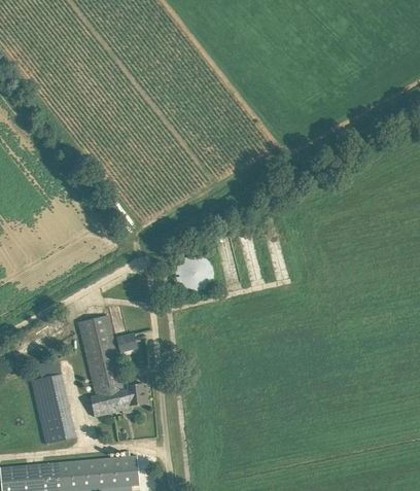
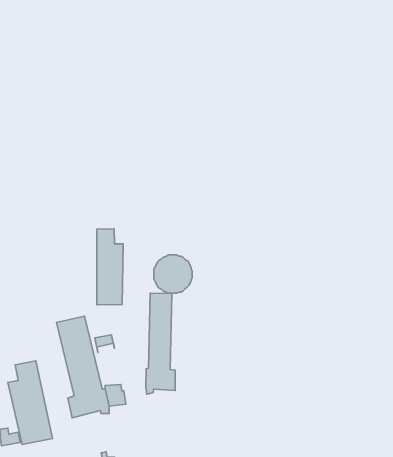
building: none -> [97,229,123,305]
building: none -> [146,293,175,394]

